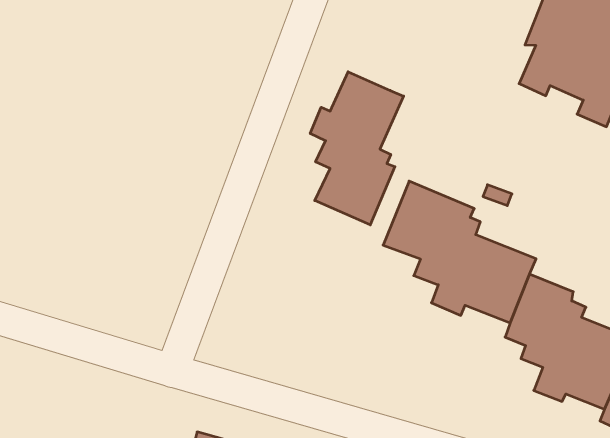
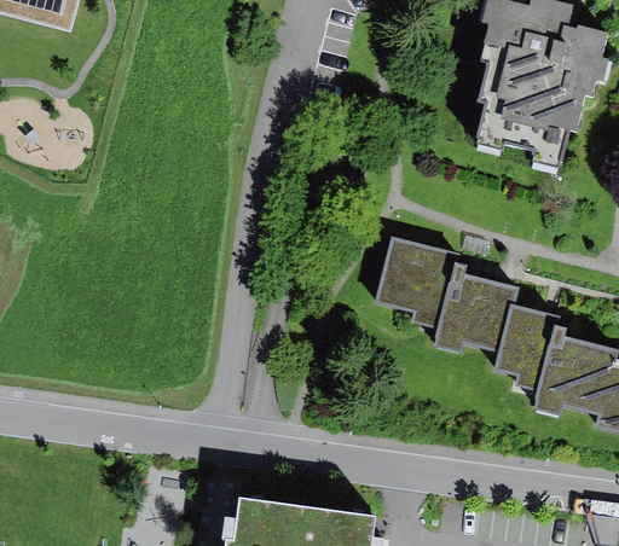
building: [310,72,404,225] -> none

